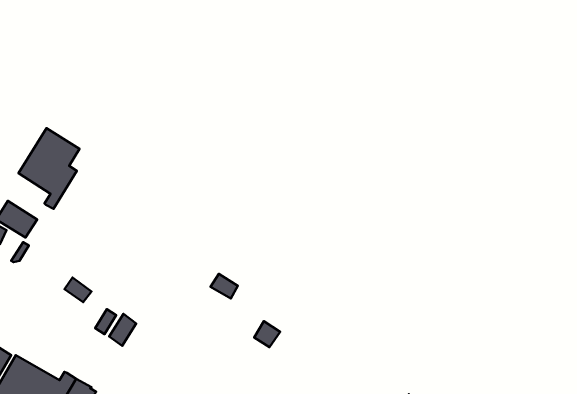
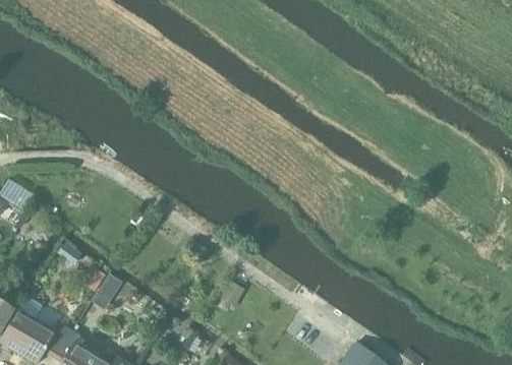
building: [19,128,80,209] -> none

